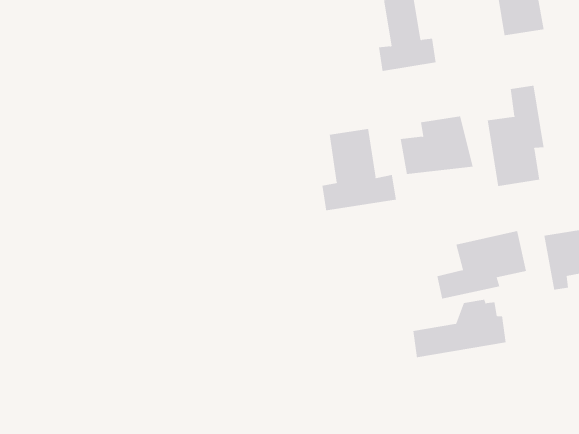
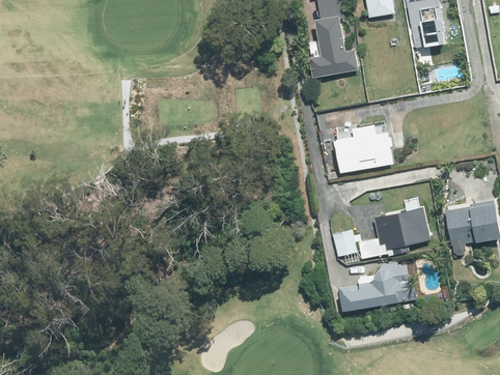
building: [487,85,544,187] -> none
building: [322,128,396,211] -> none
building: none -> [333,231,358,258]

